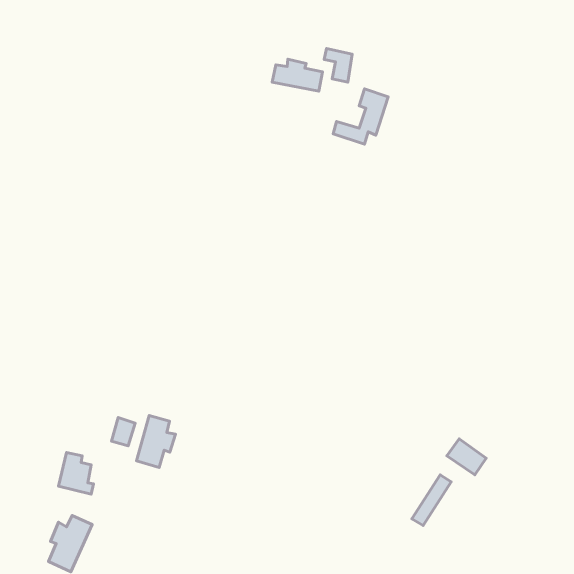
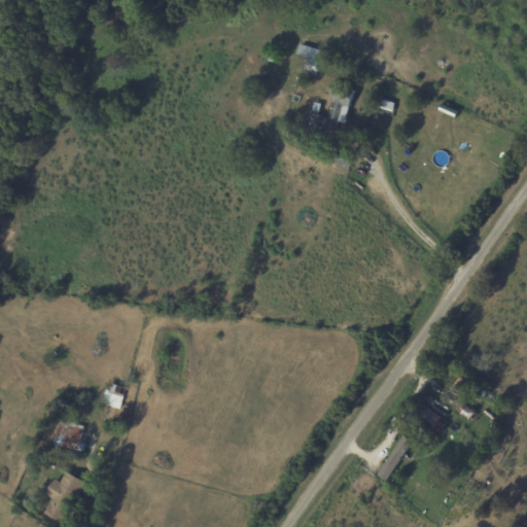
building: [272,59,323,91] -> none
building: [136,415,176,467] -> none

